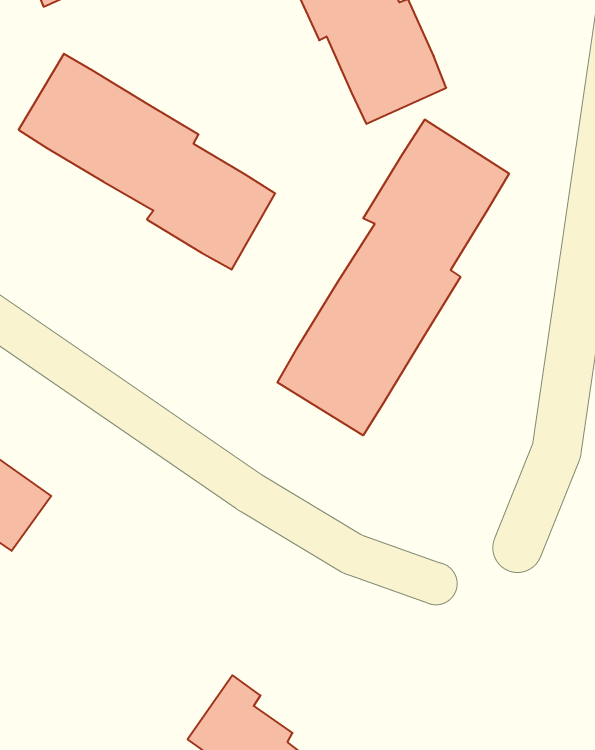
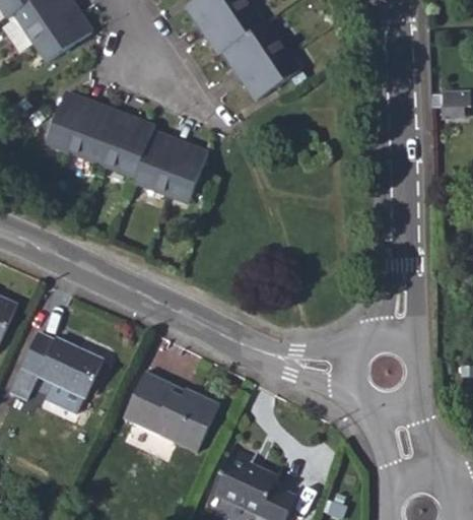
building: [277,119,509,435] -> none
building: none -> [123,373,218,453]

